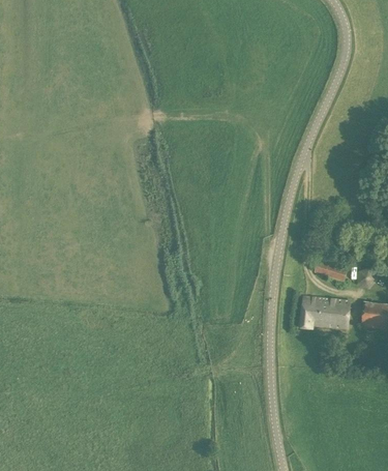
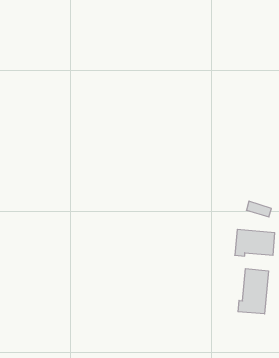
building: none -> [238,269,268,314]

